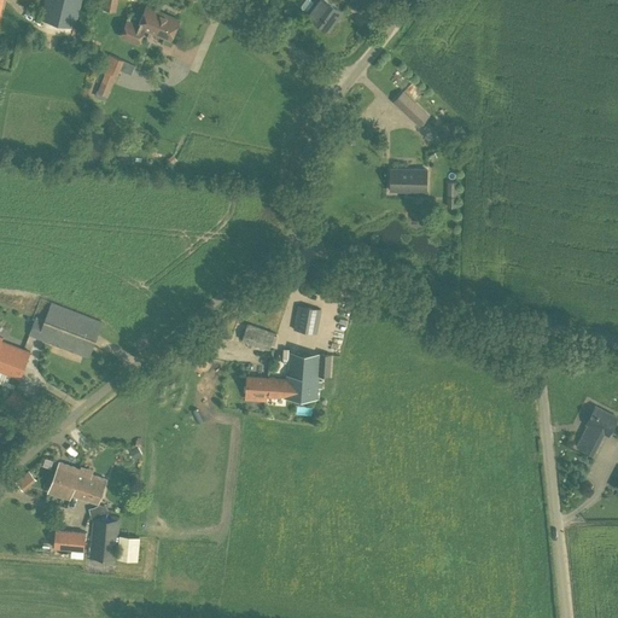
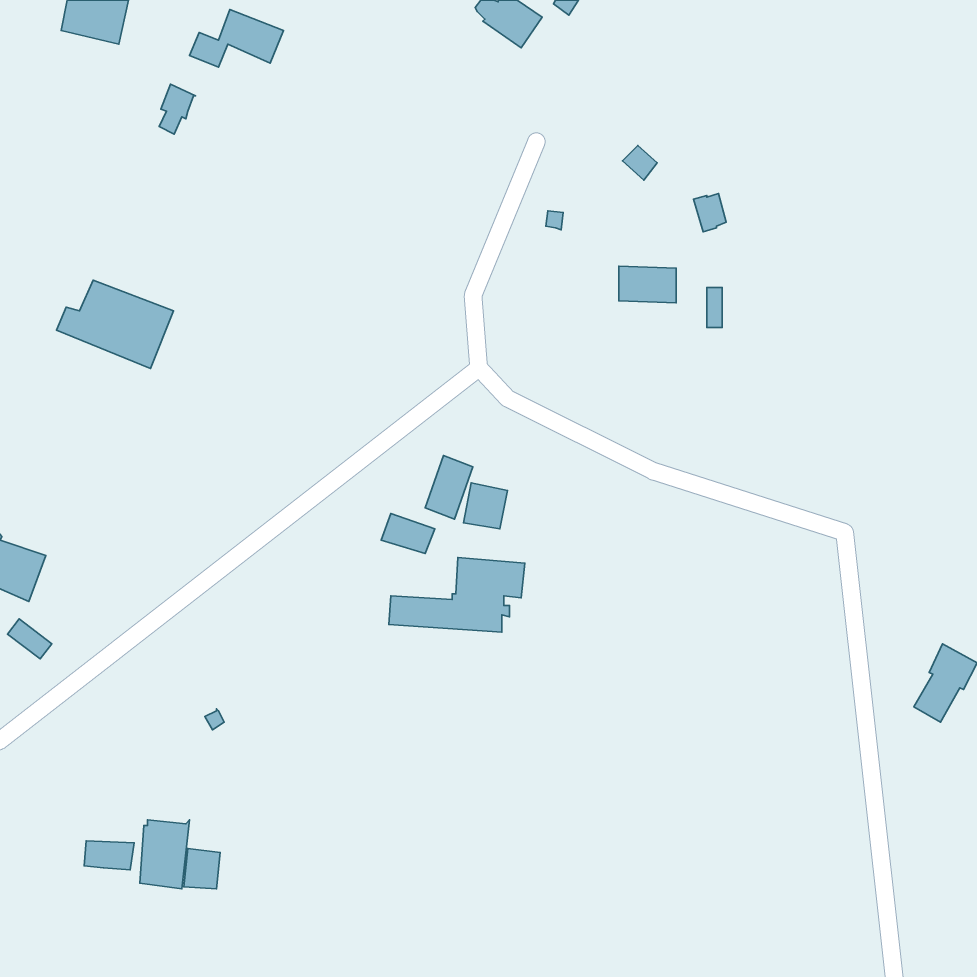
building: none -> [425,455,473,519]
building: [28,303,101,358] -> [57,280,173,368]
building: [47,462,105,506] -> none

